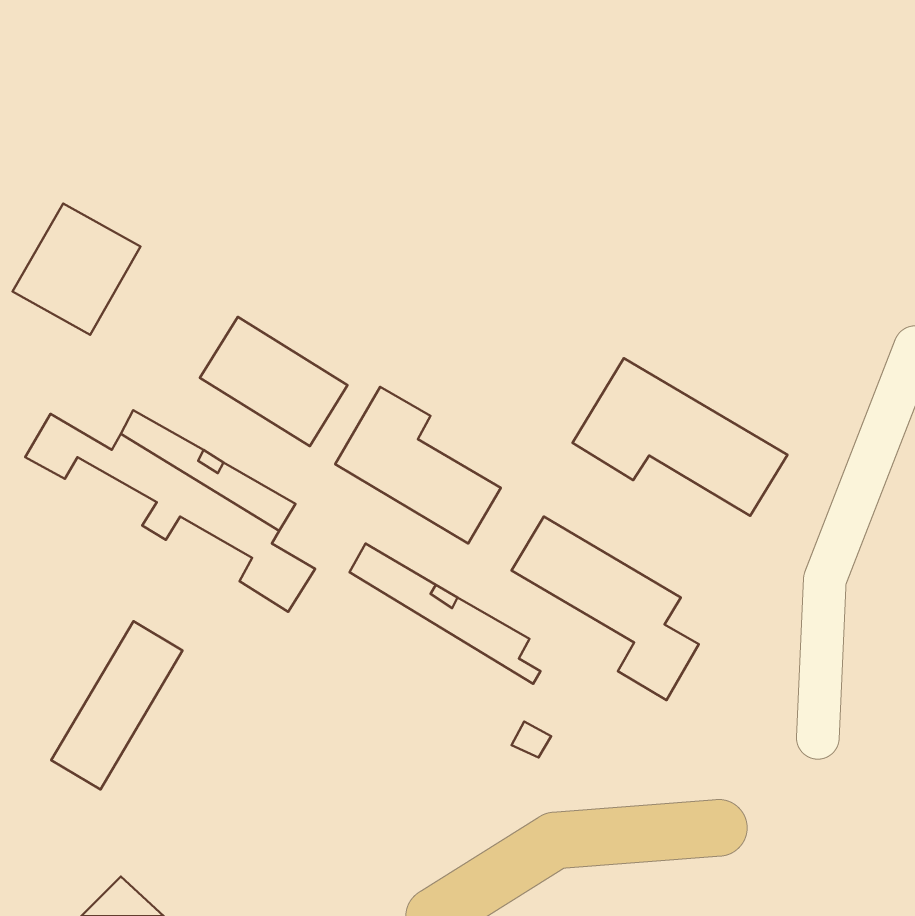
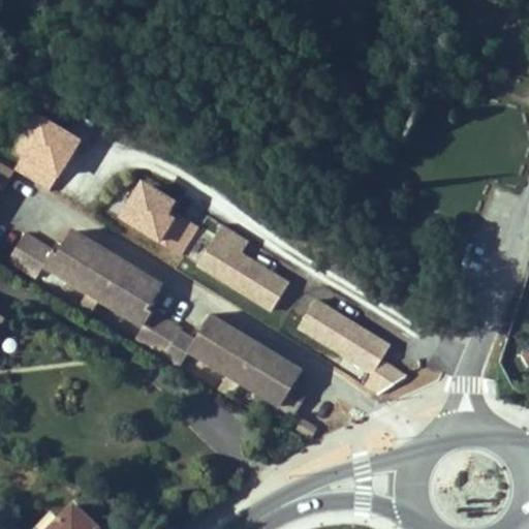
building: [572,358,787,516] -> none
building: none -> [167,329,306,410]
building: [51,621,183,790] -> none

